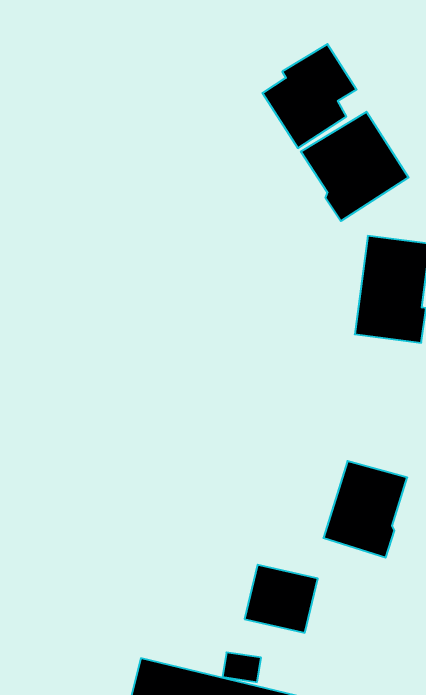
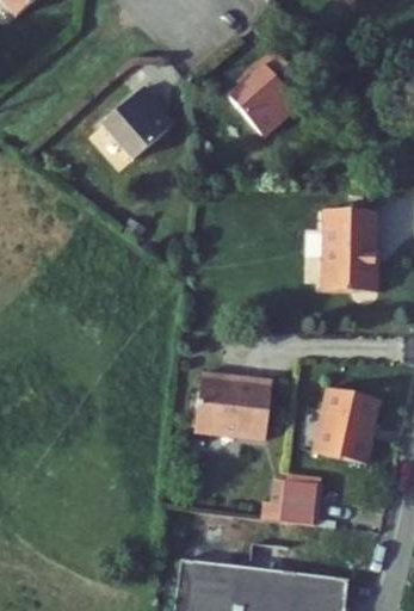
building: none -> [99,86,171,160]
building: [301,112,409,221] -> none
building: none -> [192,374,270,442]

